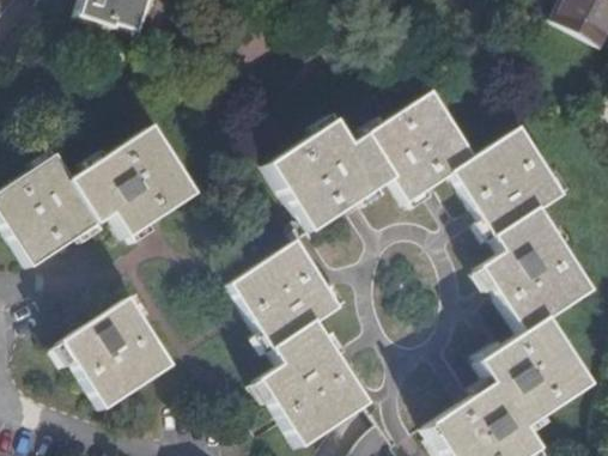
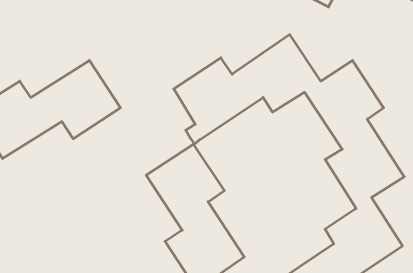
building: [61,300,170,411] -> none

